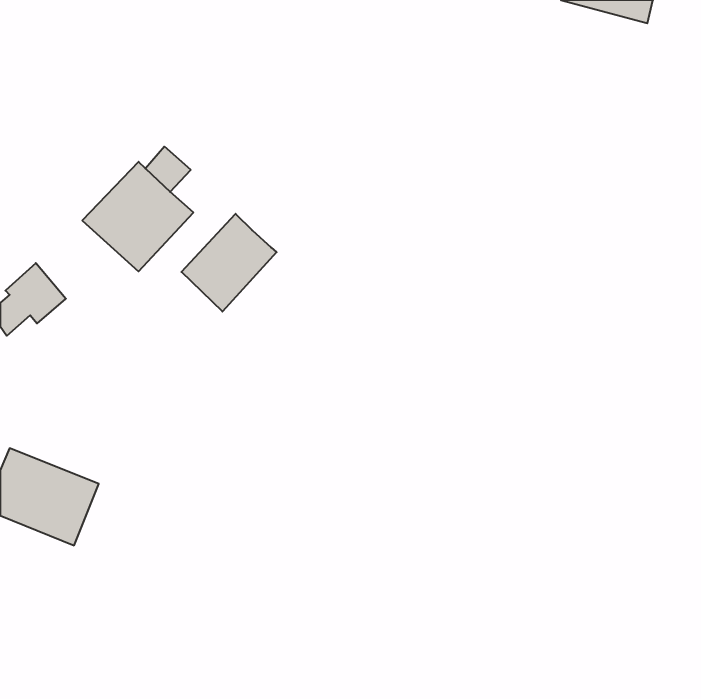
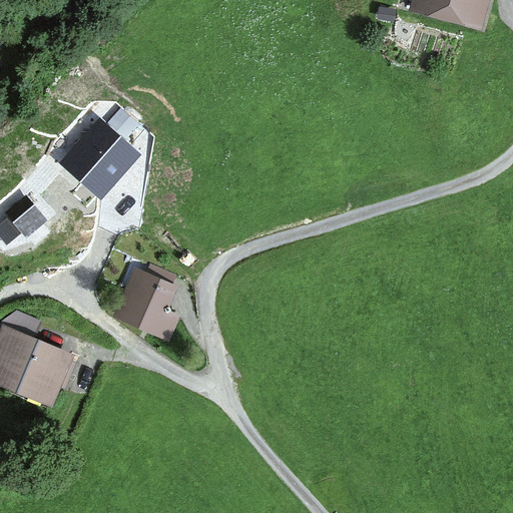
building: [181,214,277,312] -> none
building: none -> [124,276,174,331]

